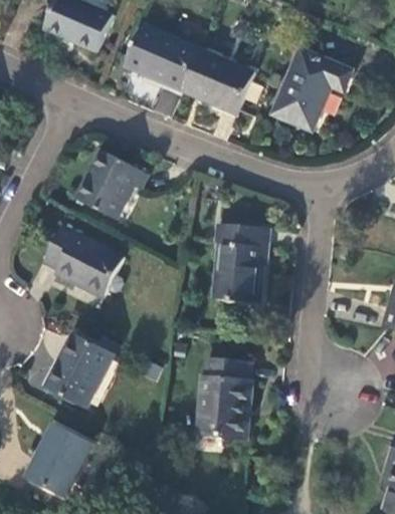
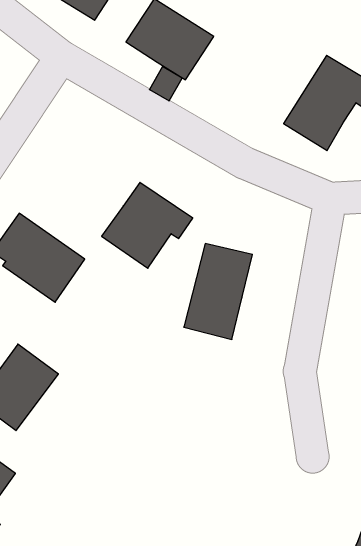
building: [182,50,256,115] -> none
building: [73,148,148,219] -> [102,182,193,268]
building: [198,361,250,442] -> none

